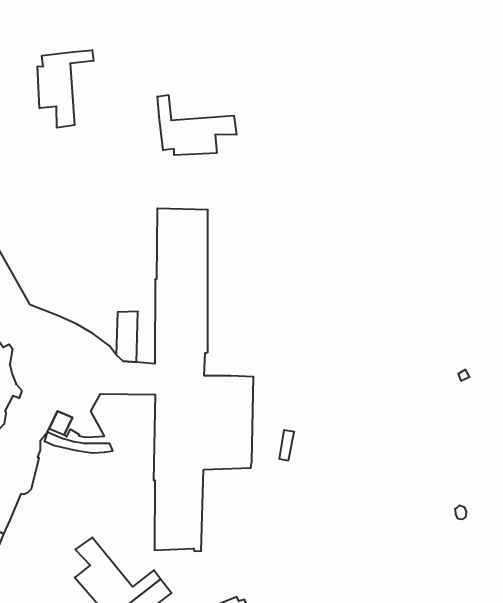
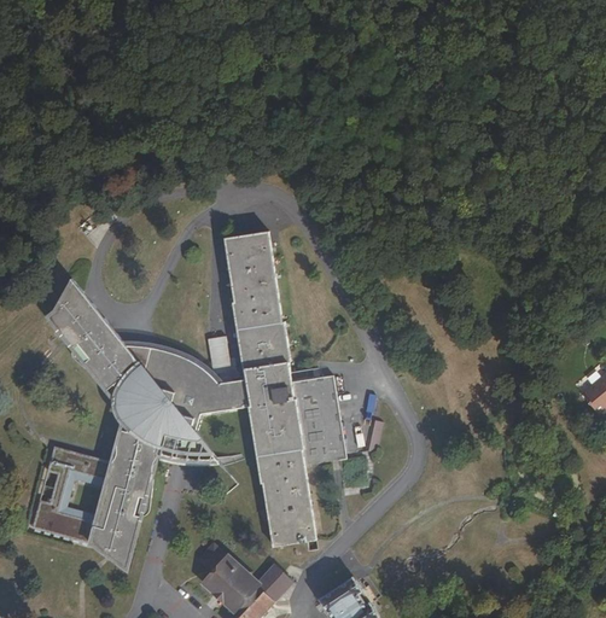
building: [38,50,94,128] -> none
building: [157,95,237,155] -> none

